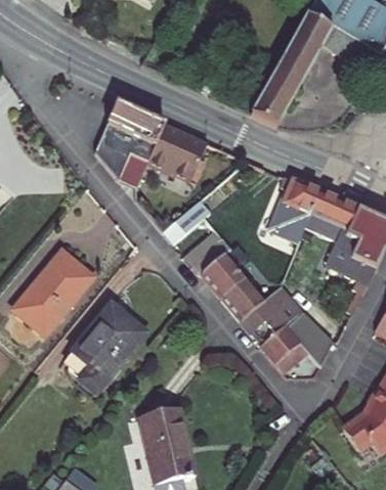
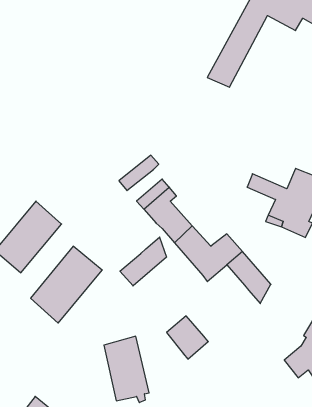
building: [95,105,207,185] -> none
building: [277,180,363,243] -> none
building: none -> [120,237,166,286]
building: [261,322,309,372] -> [167,316,208,359]

